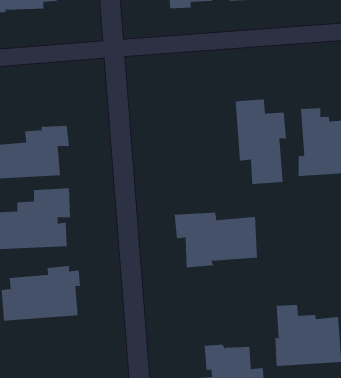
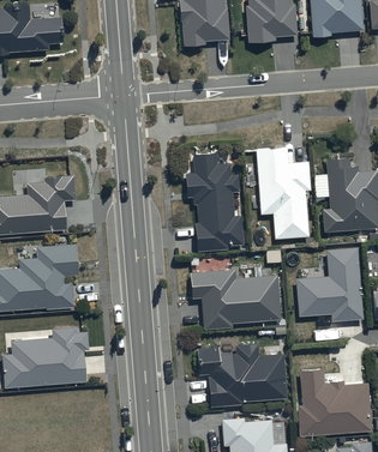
building: none -> [185,153,244,251]
building: none -> [296,247,364,321]
building: none -> [198,344,288,406]

